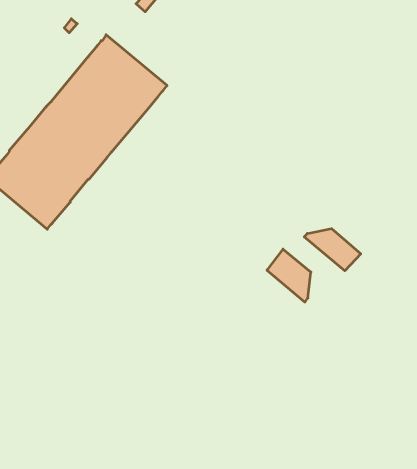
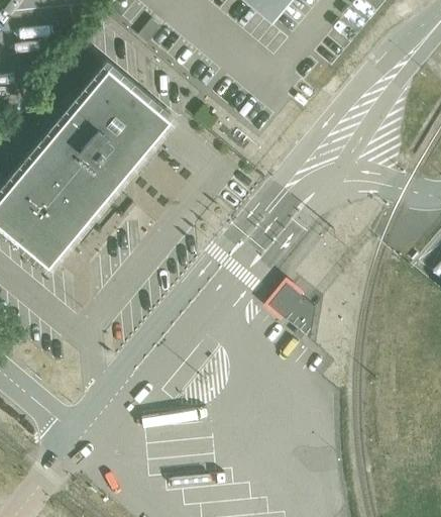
building: [304,229,361,271] -> none

